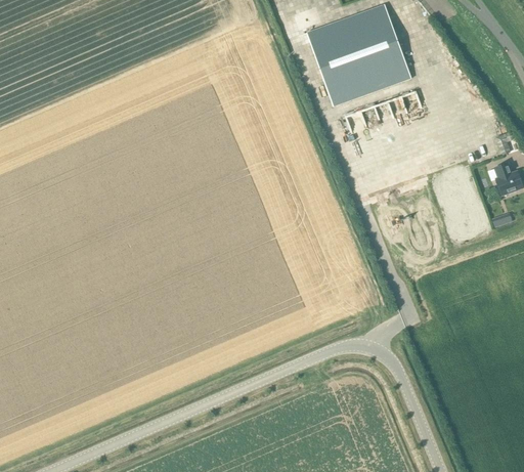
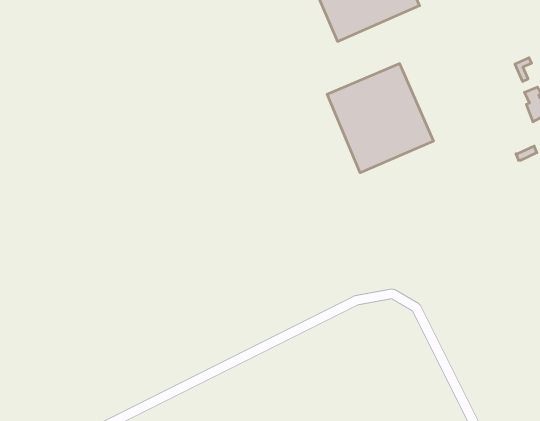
building: none -> [327,64,433,173]

